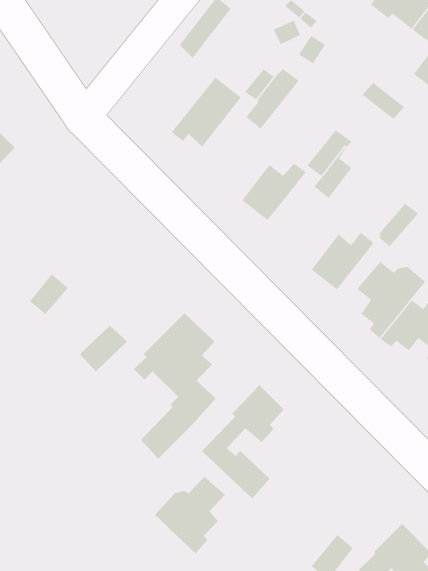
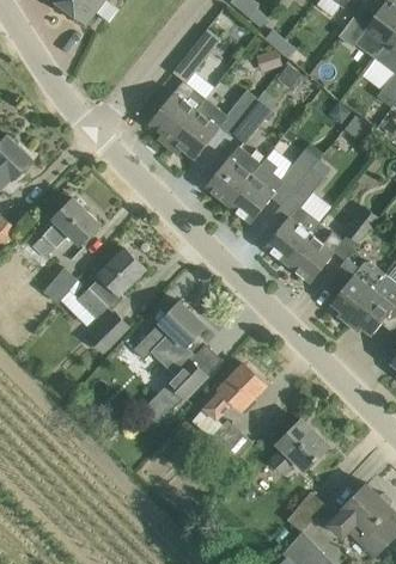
building: none -> [148,79,205,146]
building: none -> [205,143,264,204]
building: none -> [31,198,98,258]
building: none -> [264,204,319,264]
building: none -> [75,247,145,319]
building: none -> [268,419,328,474]
building: [154,476,226,554] -> none

